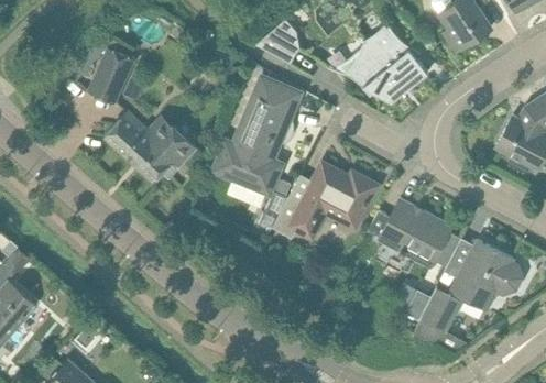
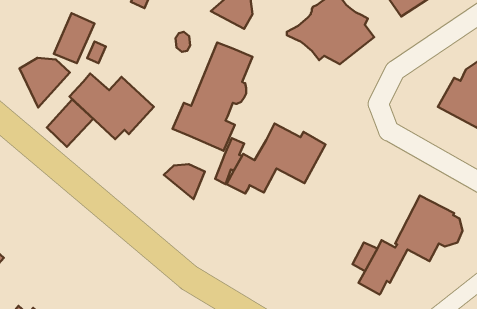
building: none -> [20,58,70,108]
building: none -> [47,99,93,147]
building: [368,198,460,266] -> none
building: none -> [164,164,205,199]

